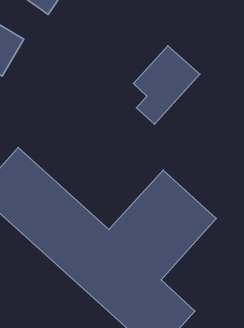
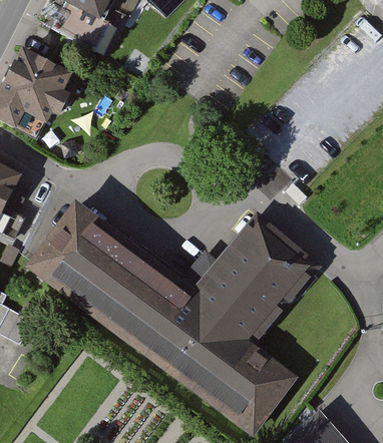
building: [134,46,200,124] -> none

